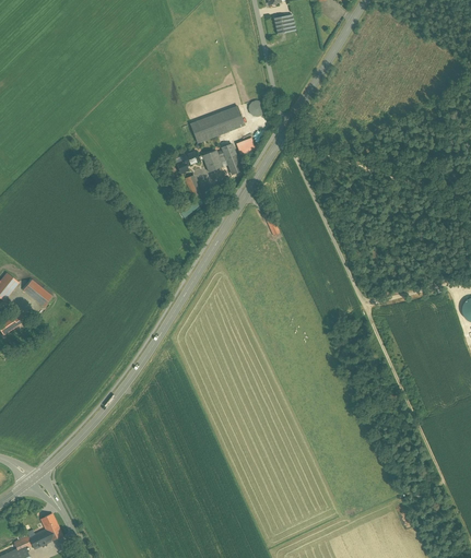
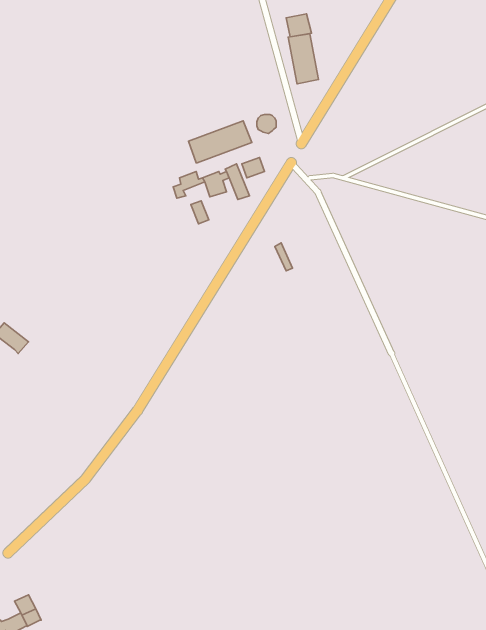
building: none -> [288,34,318,84]

